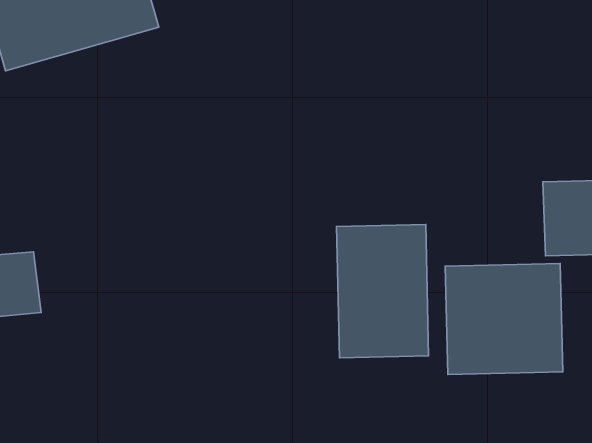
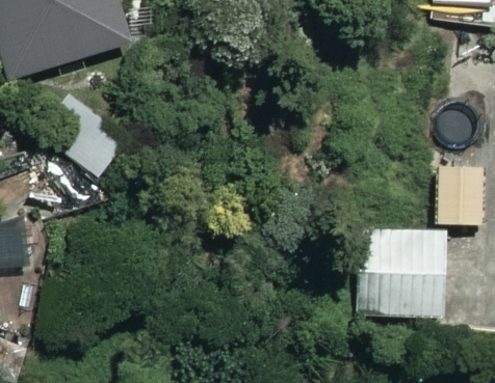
building: [336,224,429,358] -> none

